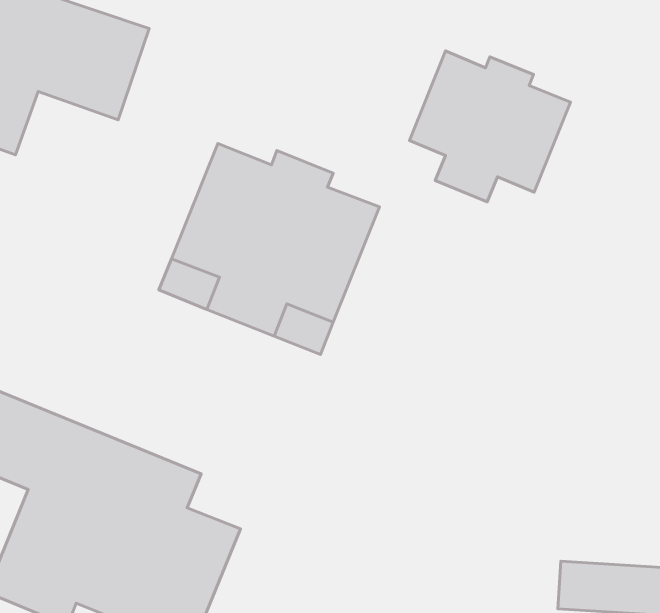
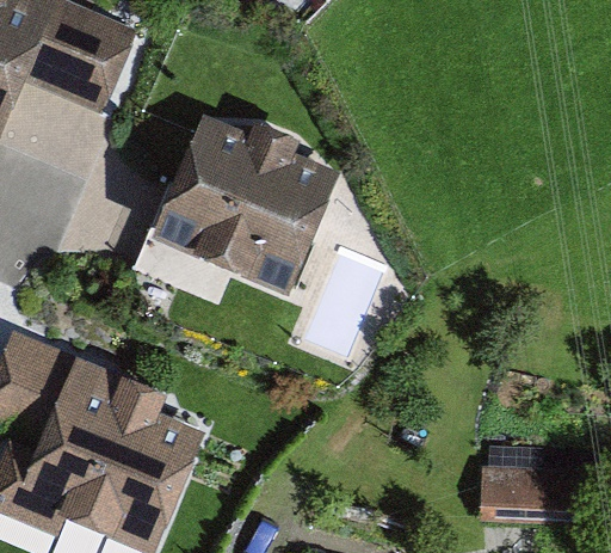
building: [409,51,570,202] -> none

